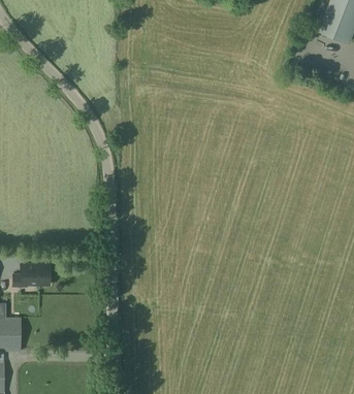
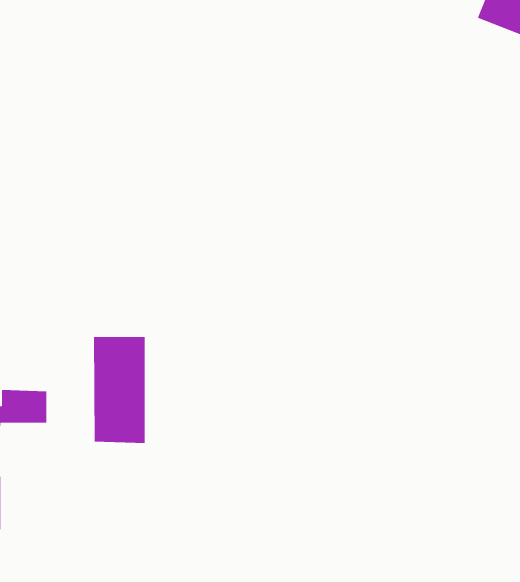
building: none -> [93,336,145,444]

